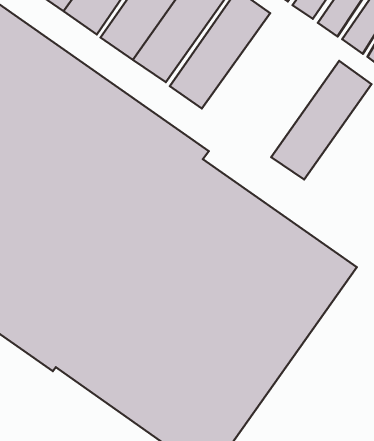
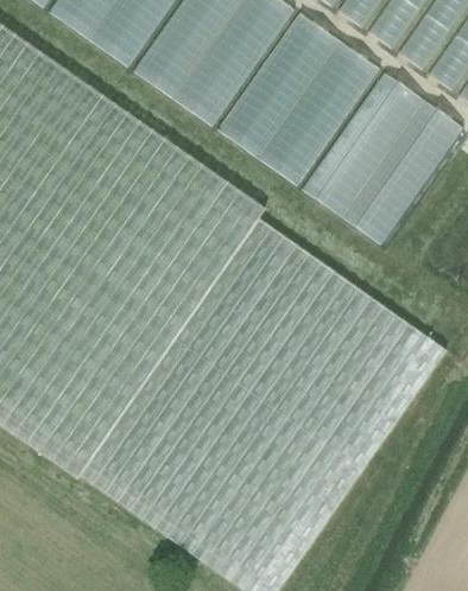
building: none -> [257,40,379,184]
building: none -> [302,71,424,216]

